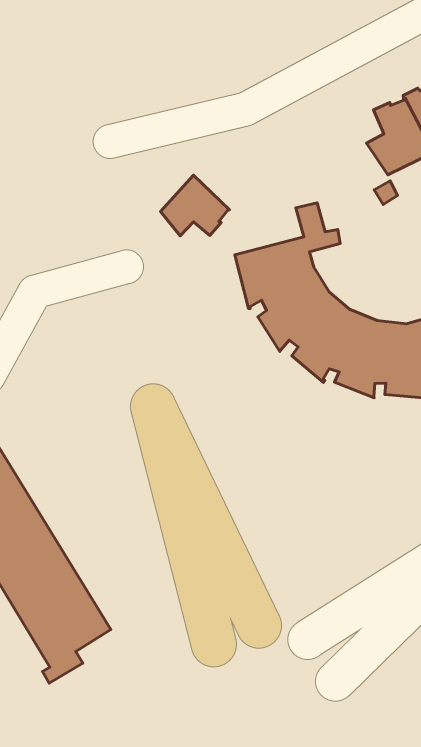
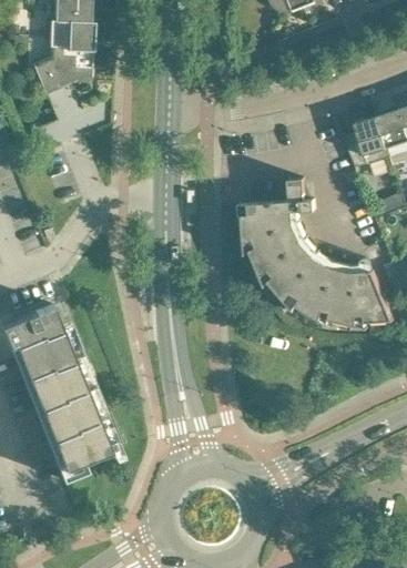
building: [161,175,230,236] -> none

